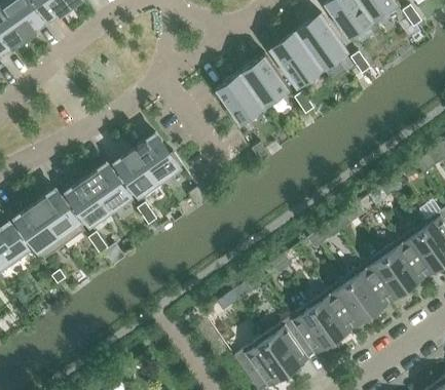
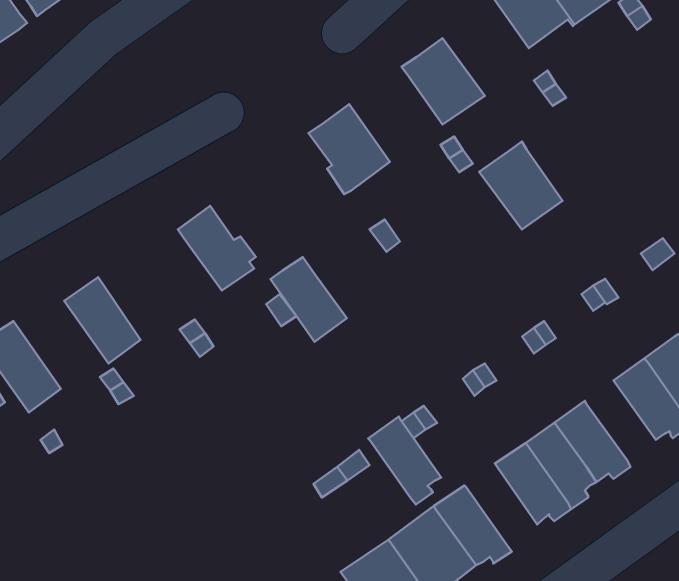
building: [295,14,345,68] -> [479,141,562,229]
building: [238,54,289,108] -> none
building: [115,149,161,200] -> [271,257,347,342]
building: [86,164,133,216] -> none
building: [35,190,84,245] -> none
building: [381,240,424,292] -> none
building: [308,290,353,344] -> [368,416,441,504]

